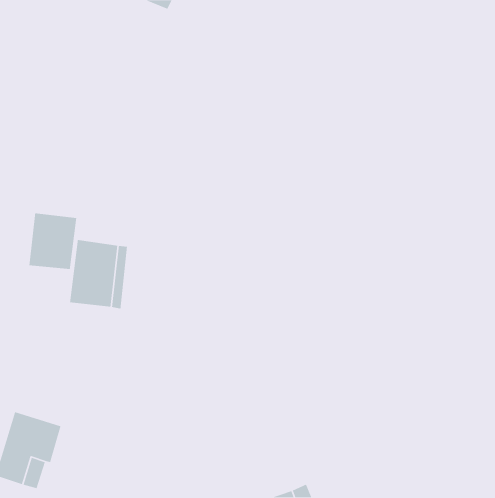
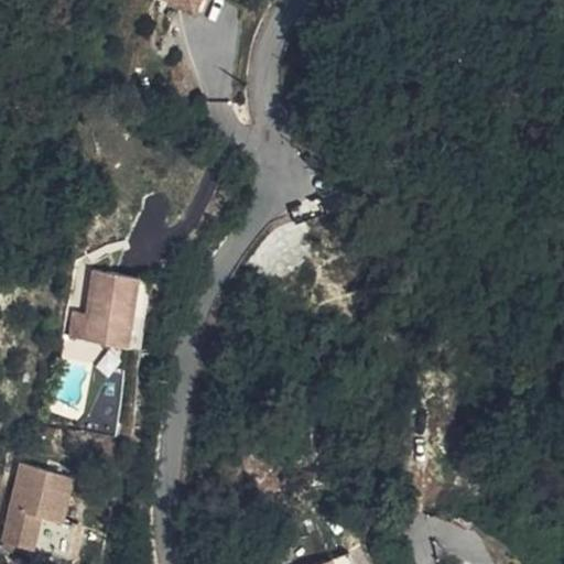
building: [29,212,77,270] -> none

